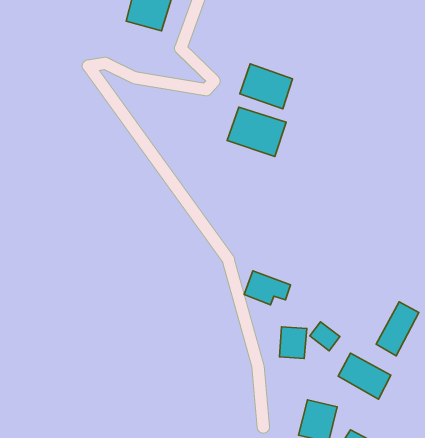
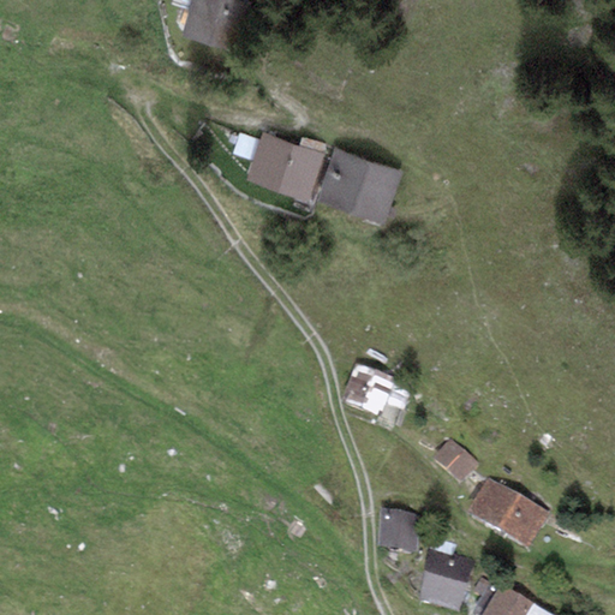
building: [240,64,293,109] -> [249,132,321,193]
building: [376,302,419,356] -> none
building: [280,327,307,358] -> [380,513,417,556]

